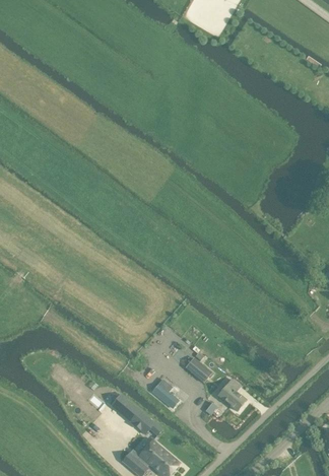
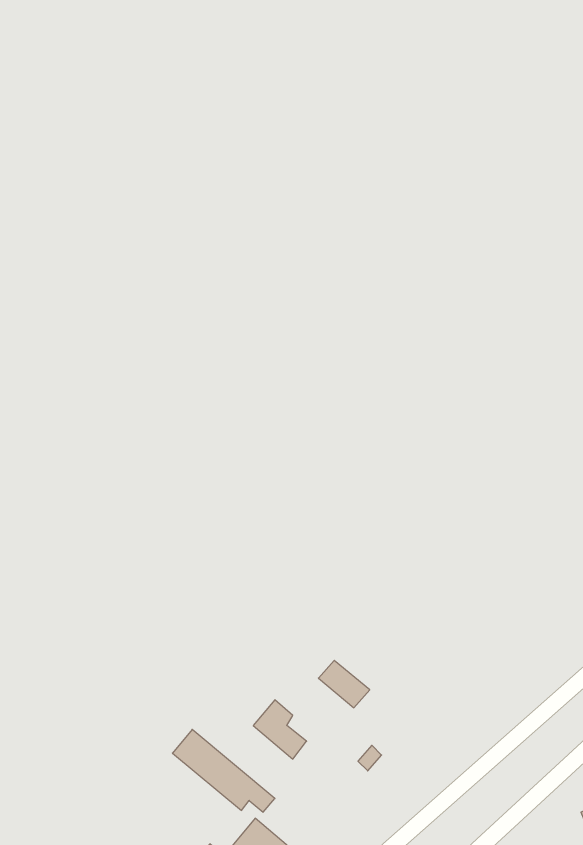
building: [217,380,246,411] -> none

